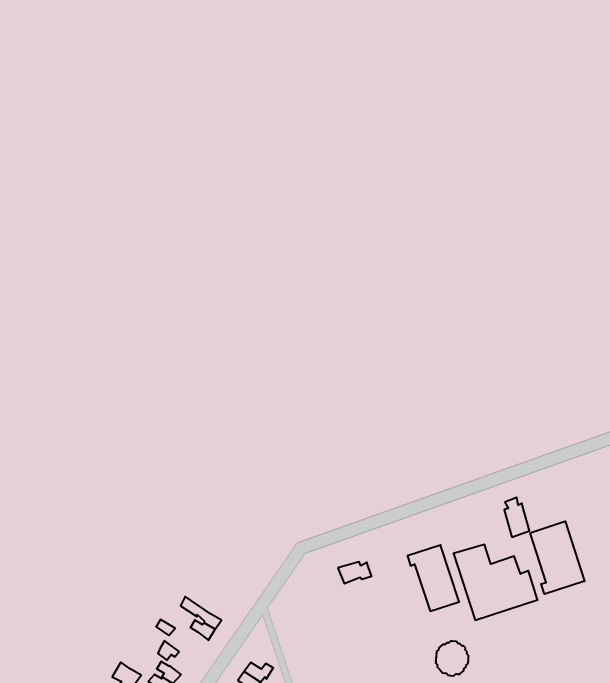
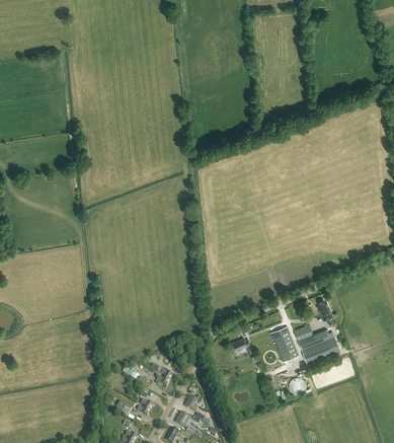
building: [530,521,585,594] -> none

